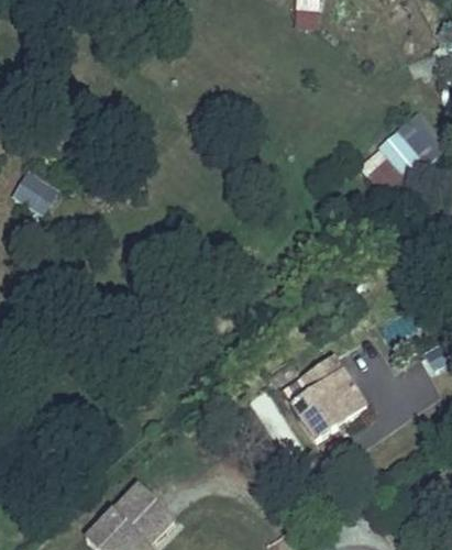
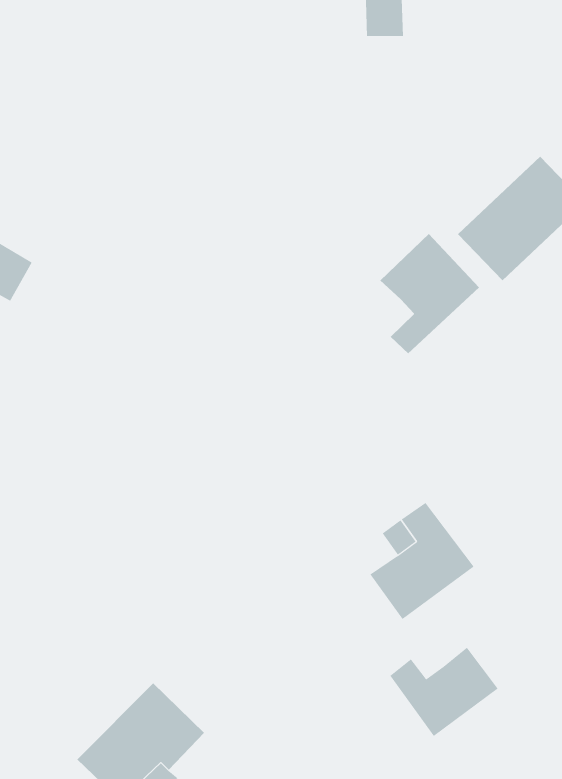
building: none -> [379,233,480,354]
building: none -> [389,647,499,737]

